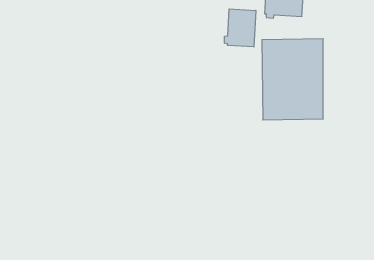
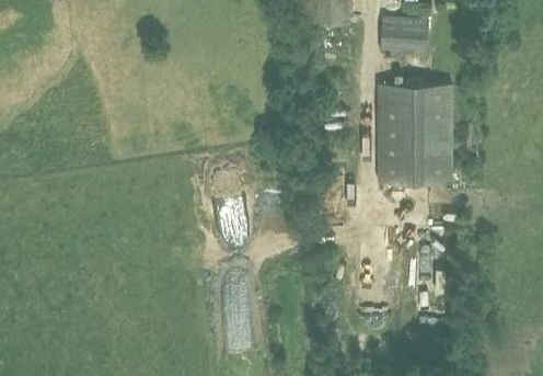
building: [225,9,256,47] -> none

